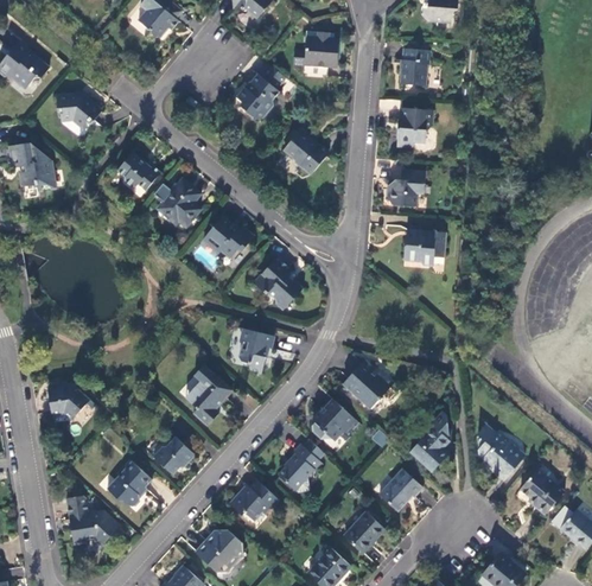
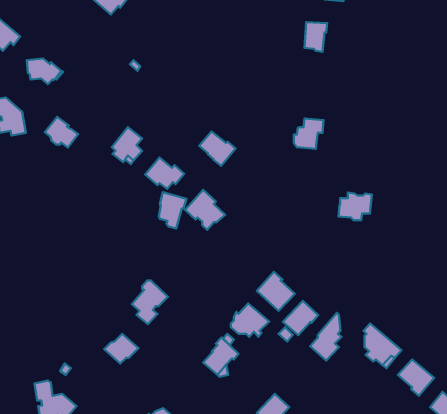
building: [293,33,339,78] -> none
building: [237,65,286,120] -> none
building: [397,109,433,147] -> none
building: [284,133,329,176] -> [199,131,235,166]
building: [117,153,159,191] -> [45,117,78,147]
building: [405,231,446,266] -> [338,193,372,220]
building: [240,329,274,374] -> [159,192,187,229]
building: [47,387,90,420] -> none
building: [108,463,153,507] -> none
building: [377,469,421,511] -> [283,301,318,335]
building: [231,480,279,521] -> none

